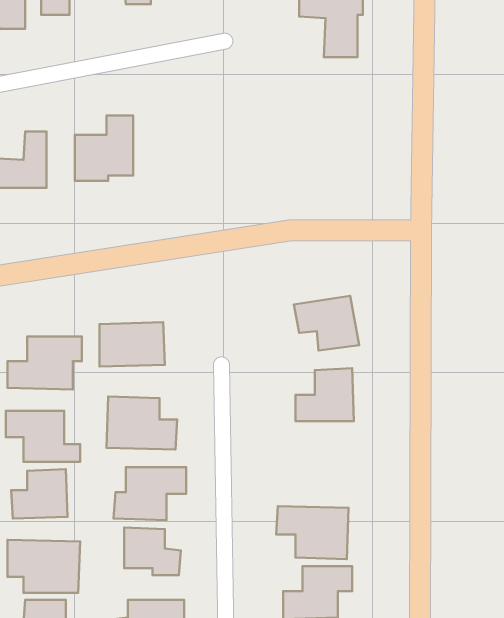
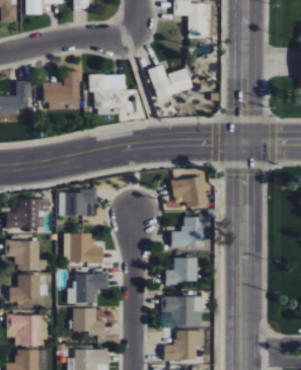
building: none -> [148,65,193,99]
building: none -> [88,74,128,108]
building: none -> [165,257,198,284]

